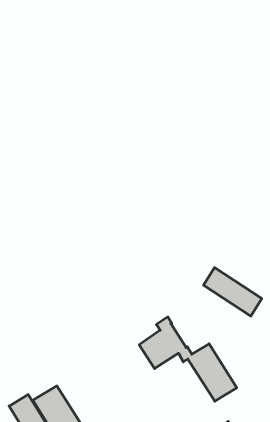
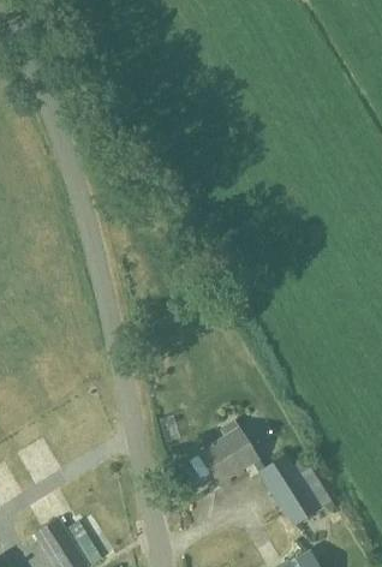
building: [204,268,262,316] -> none

